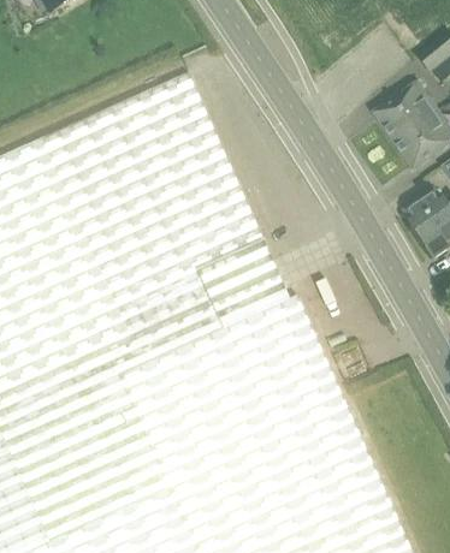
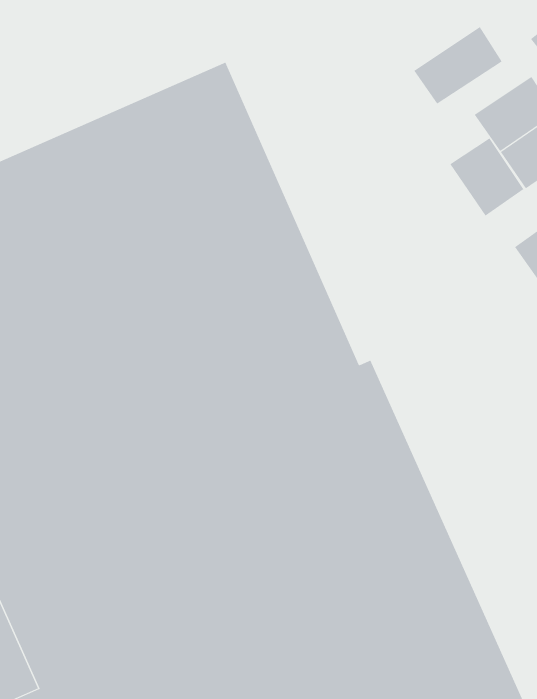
building: none -> [414,26,502,105]
building: none -> [449,137,524,217]

